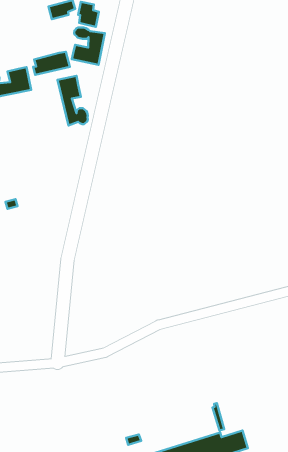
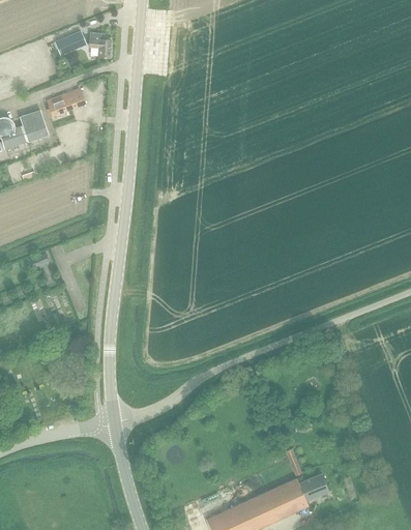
building: [72,28,105,65] -> none
building: [58,76,88,126] -> none

